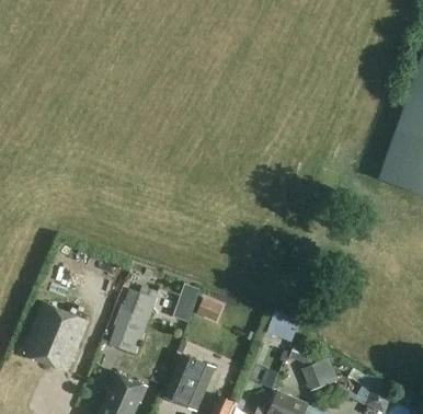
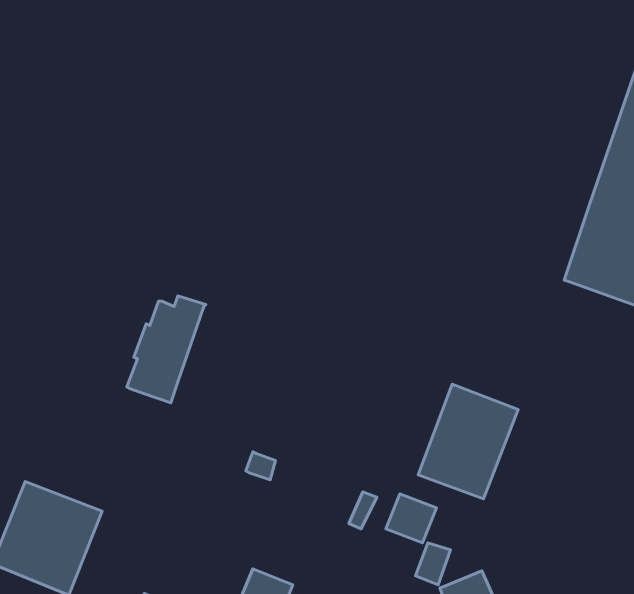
building: none -> [418,384,518,499]
building: [108,286,158,353] -> [127,296,206,403]

